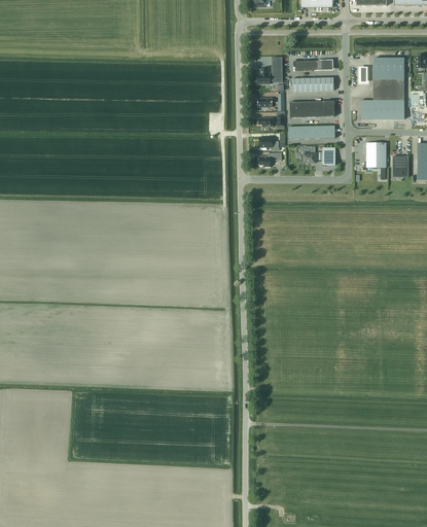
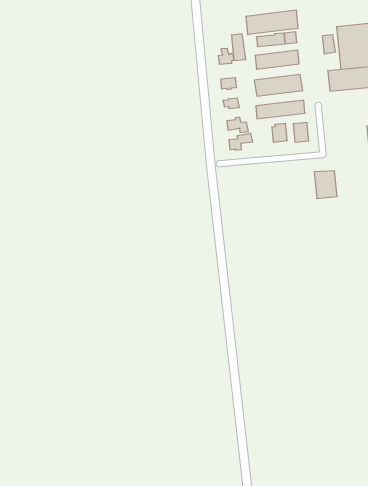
building: none -> [246,10,298,35]
building: [366,142,386,168] -> [314,171,337,199]

